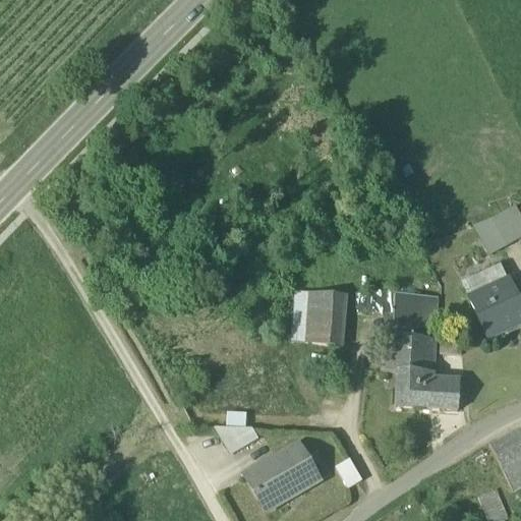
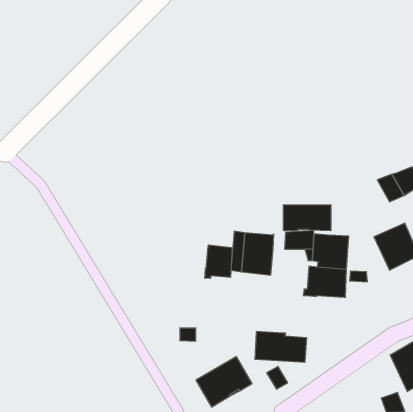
building: none -> [284,205,331,231]
building: [463,263,510,296] -> none
building: none -> [205,245,232,278]
building: [397,369,462,408] -> [255,331,307,362]
building: [220,426,259,453] -> none

